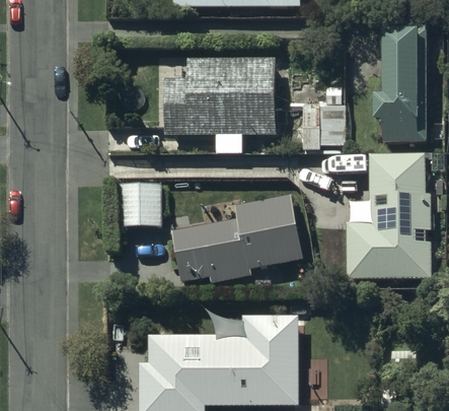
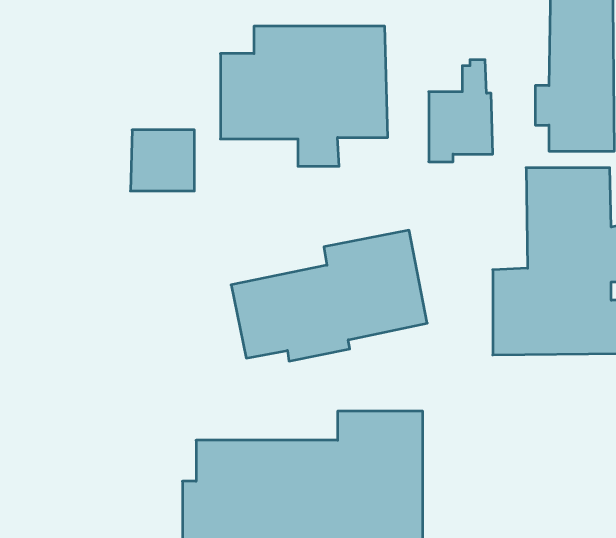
building: [119,184,161,224] -> [130,130,194,191]

